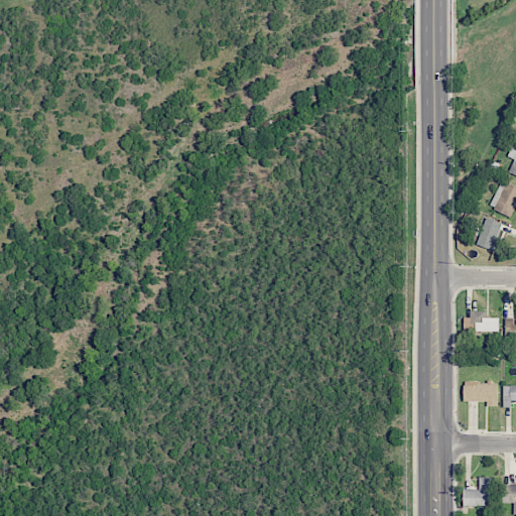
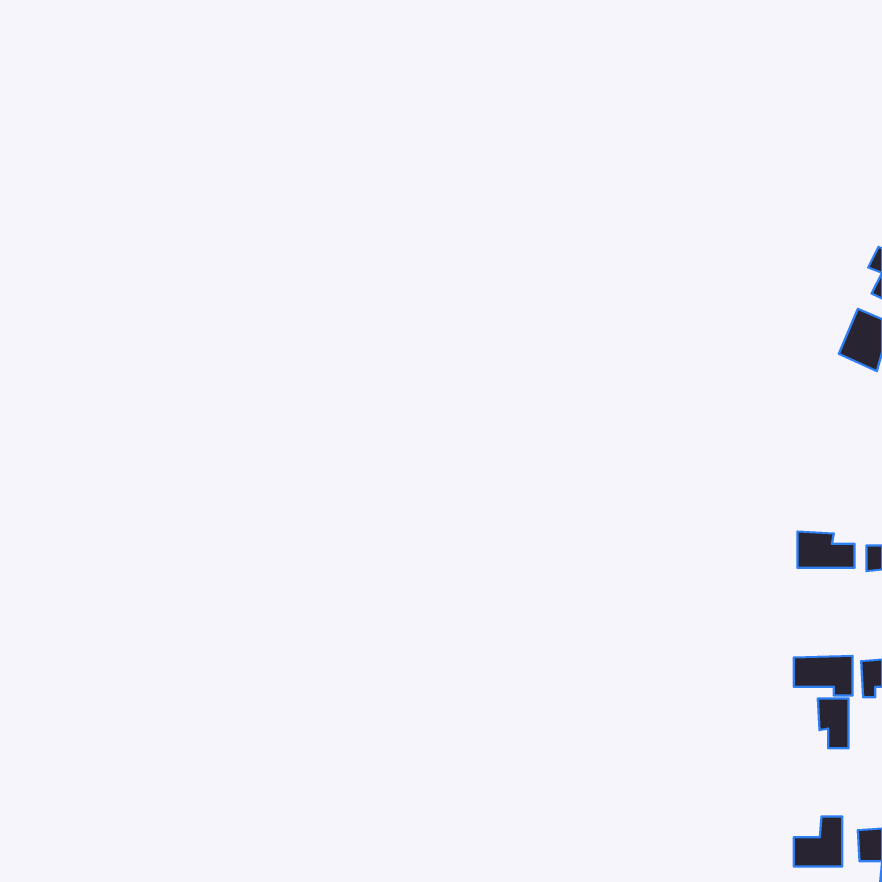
building: [477,218,503,252] -> none
building: none -> [818,698,848,748]

